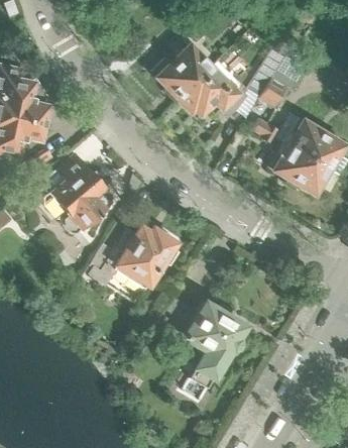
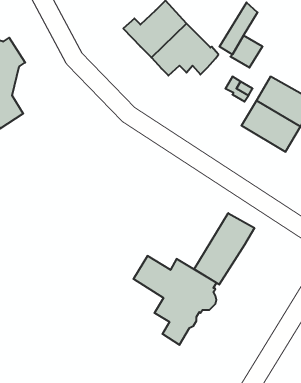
building: [47,153,113,232] -> none
building: [90,226,180,288] -> none
building: none -> [194,213,254,285]

